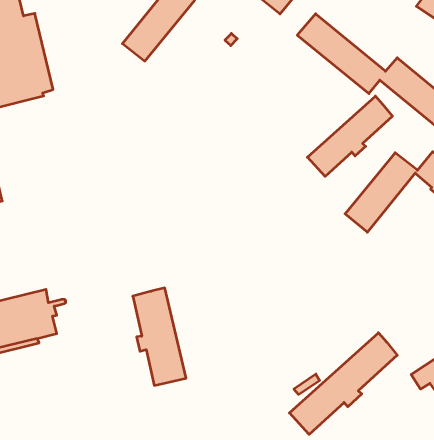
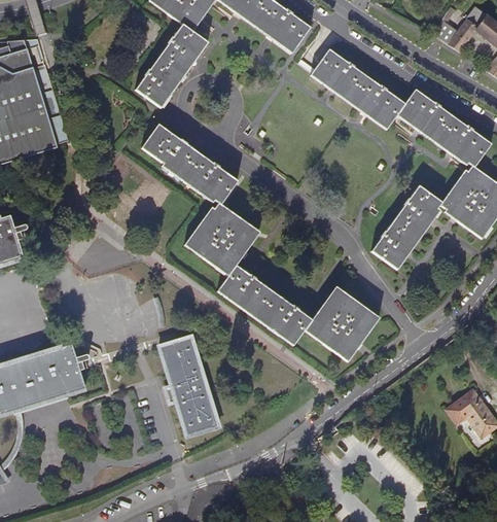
building: none -> [143,126,377,359]
building: [307,96,392,176] -> none
building: [289,333,397,434] -> none

